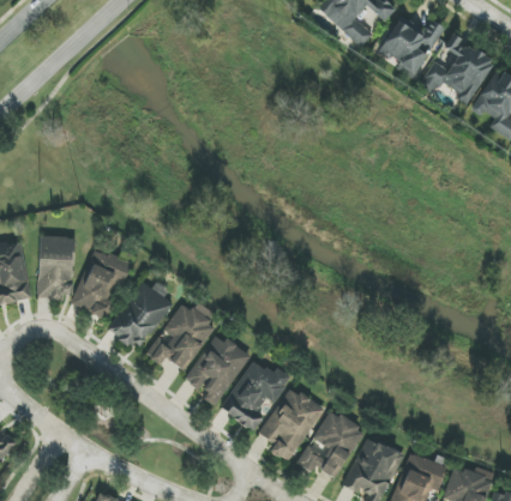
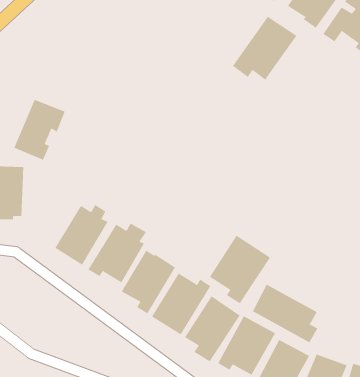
building: none -> [232,16,297,80]
building: [71,248,131,319] -> [13,99,65,160]
building: none -> [209,235,271,304]
building: none -> [252,284,318,343]

